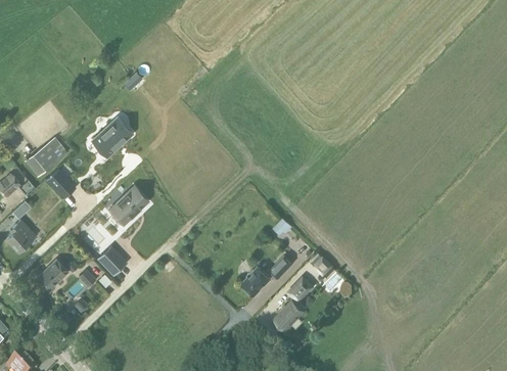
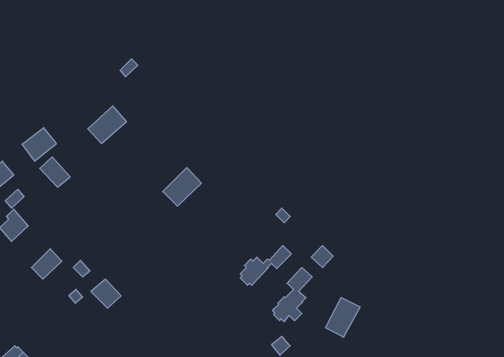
building: [109,184,147,222] -> [163,168,201,206]
building: [98,244,128,273] -> [91,279,121,308]
building: none -> [326,298,360,337]

